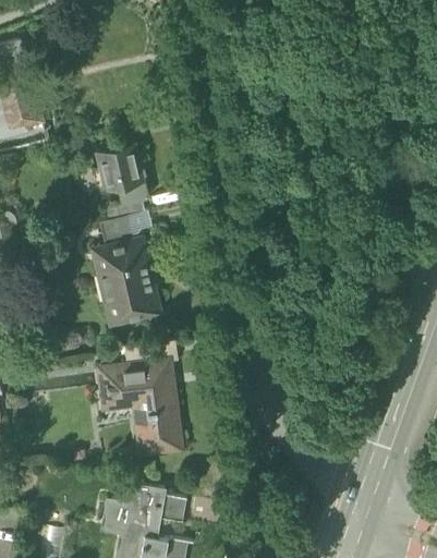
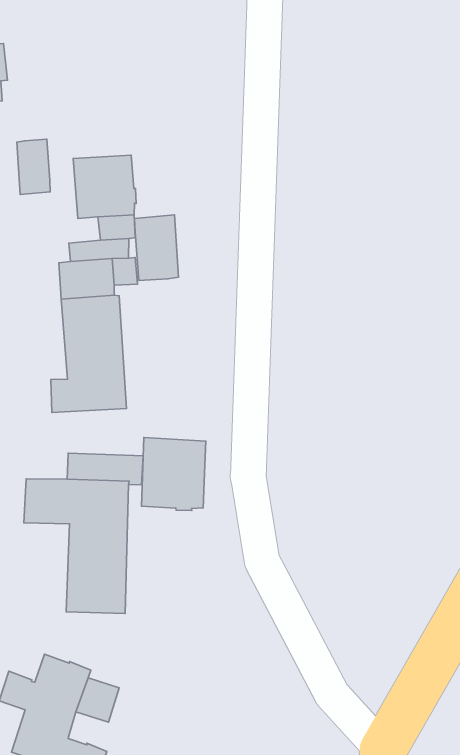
building: none -> [17,139,50,195]
building: none -> [135,215,178,281]
building: none -> [141,438,206,510]

